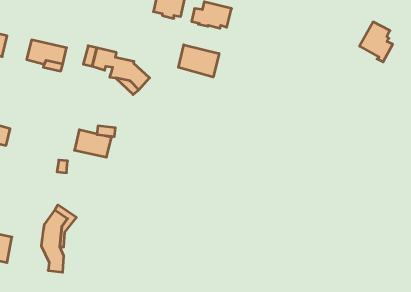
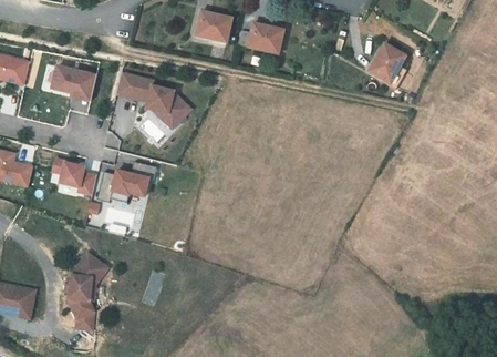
building: [360,22,393,62] -> [367,43,405,89]
building: [178,45,219,77] -> none
building: none -> [52,157,96,194]

